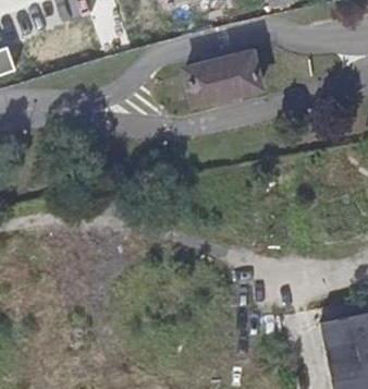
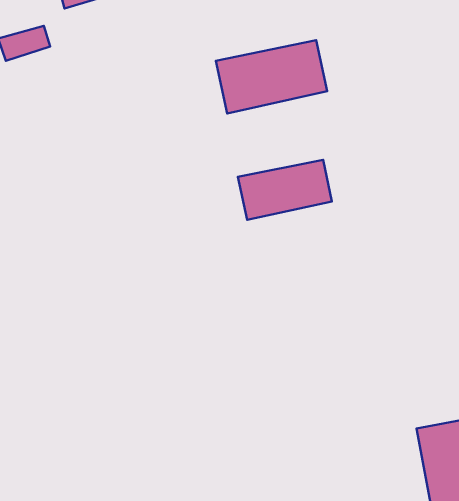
building: none -> [238,160,332,220]

